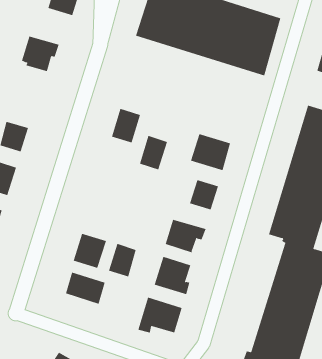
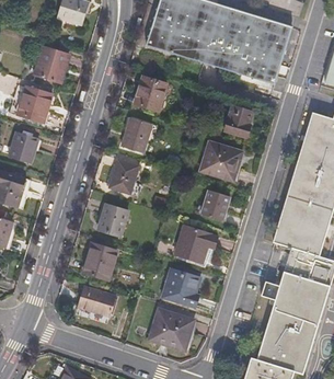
building: none -> [134,77,165,111]
building: none -> [18,85,51,122]
building: none -> [221,105,251,138]
building: [139,135,168,170] -> [108,159,137,194]
building: [108,243,137,277] -> [97,200,126,234]

